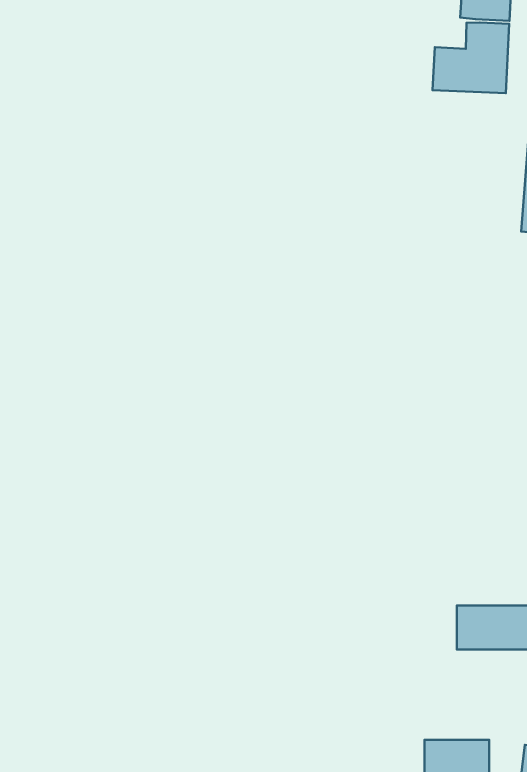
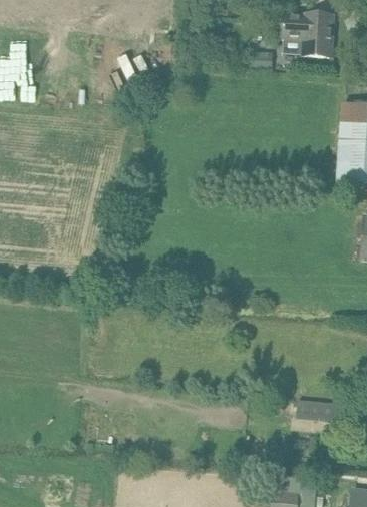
building: [432,22,509,93] -> none

